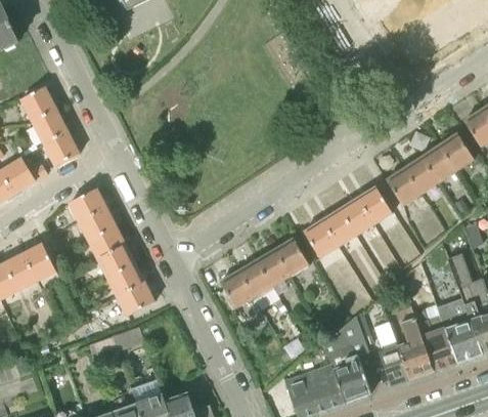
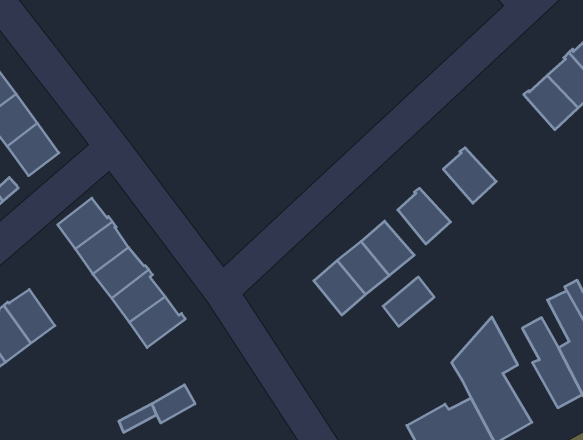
building: [386,167,428,209] -> none
building: [357,186,393,223] -> none
building: [321,209,356,246] -> none
building: [220,270,254,308] -> none
building: none -> [383,277,434,326]
building: [117,282,154,316] -> none

